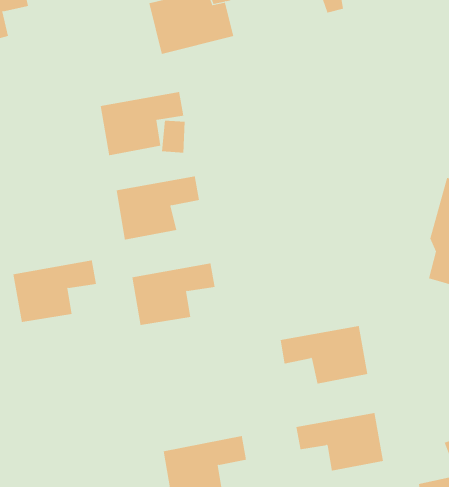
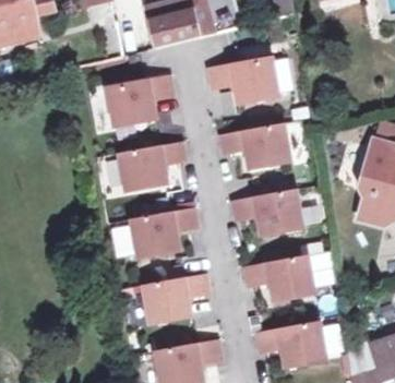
building: none -> [208,58,277,103]
building: none -> [220,122,288,167]
building: none -> [232,189,300,234]
building: [13,260,97,323] -> [143,274,207,322]

